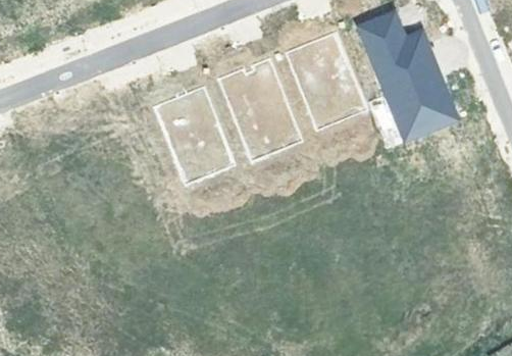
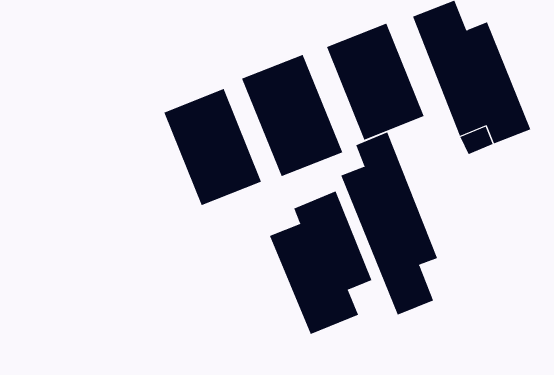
building: none -> [341,132,438,315]
building: none -> [269,190,372,335]

